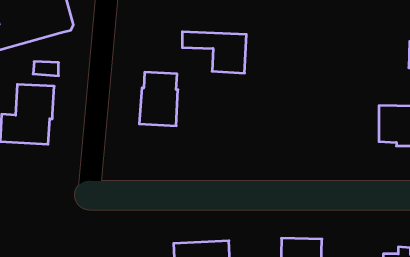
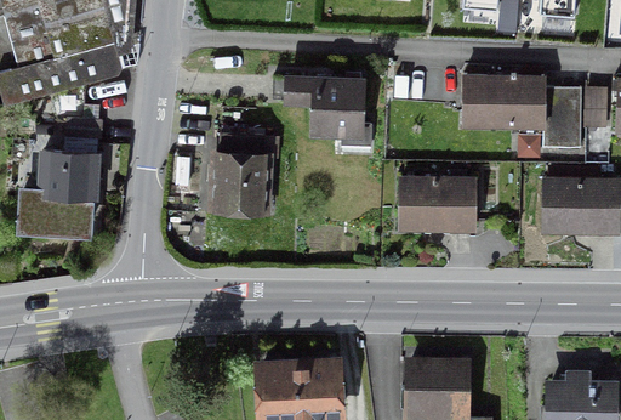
building: none -> [463,75,580,148]
building: none -> [400,180,473,234]

